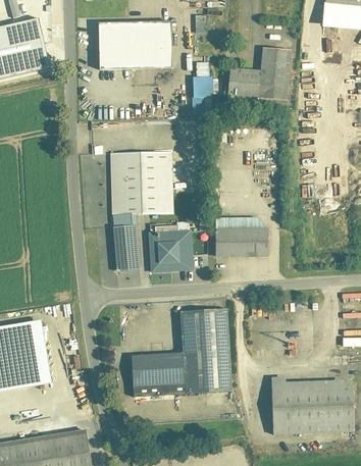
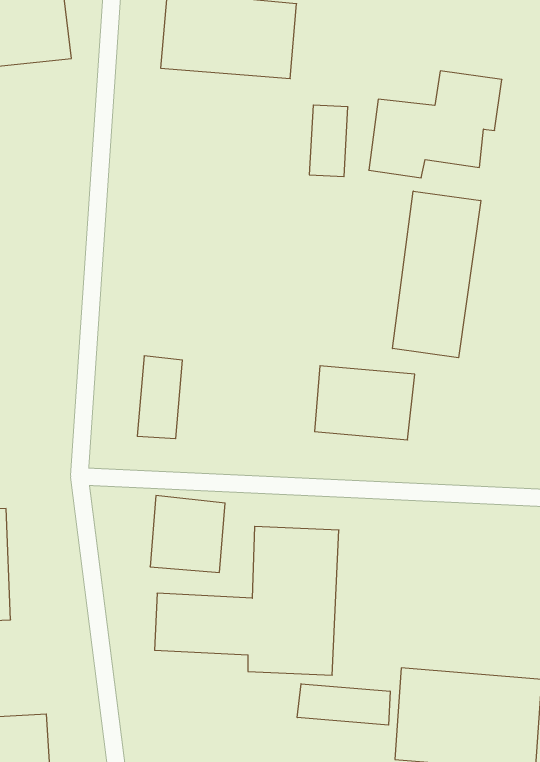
building: none -> [393,191,481,358]
building: [113,150,175,214] -> none
building: [149,232,189,272] -> [150,496,225,572]
building: none -> [297,684,390,725]

